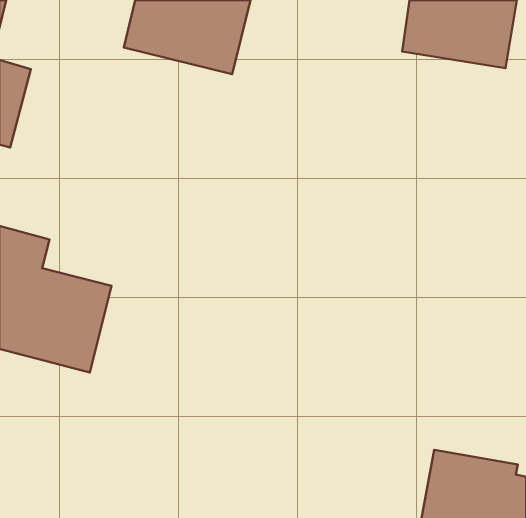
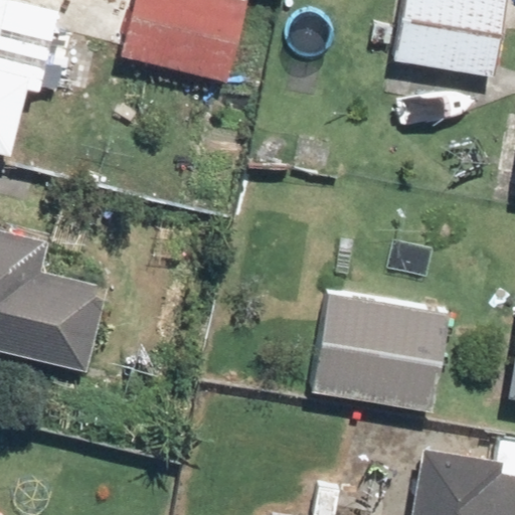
building: none -> [310,292,450,411]

